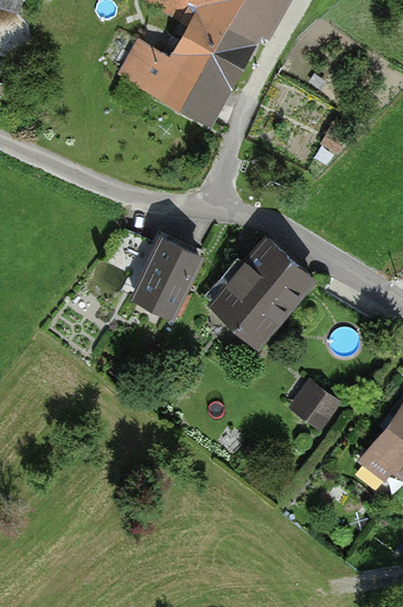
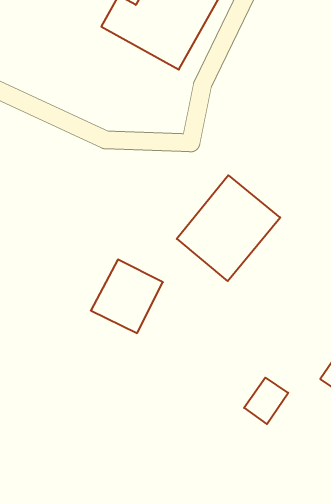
building: [123,237,203,318] -> [91,260,163,333]
building: [287,381,335,432] -> [244,378,288,424]

